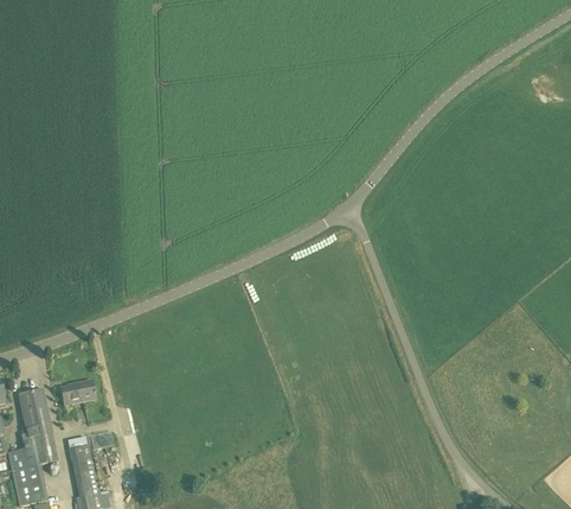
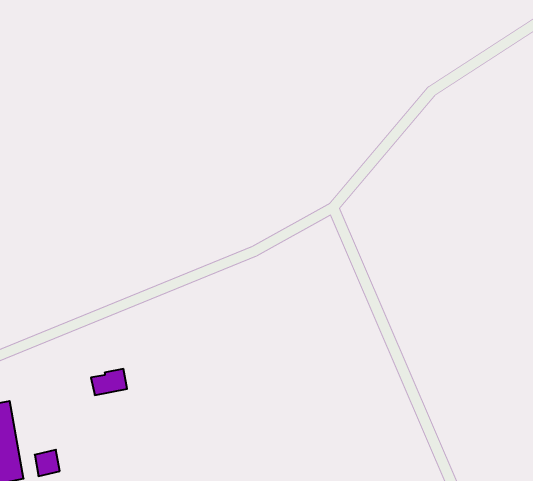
building: [60,380,95,405] -> [91,369,127,395]

